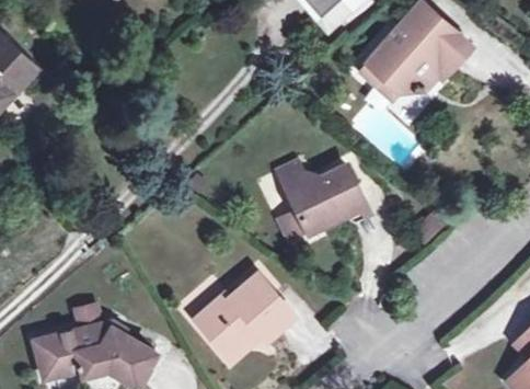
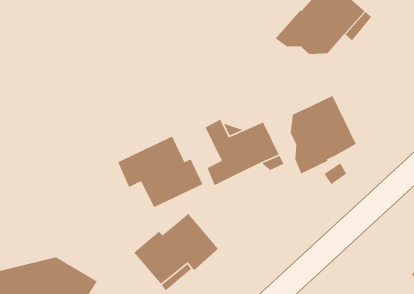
building: none -> [290,95,357,175]
building: none -> [117,135,204,208]

